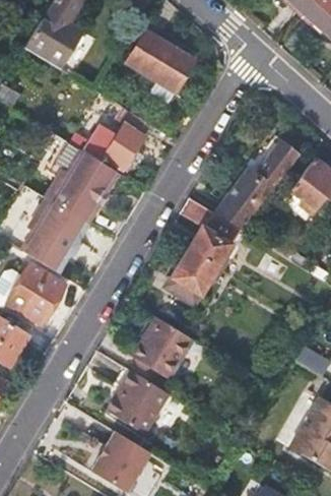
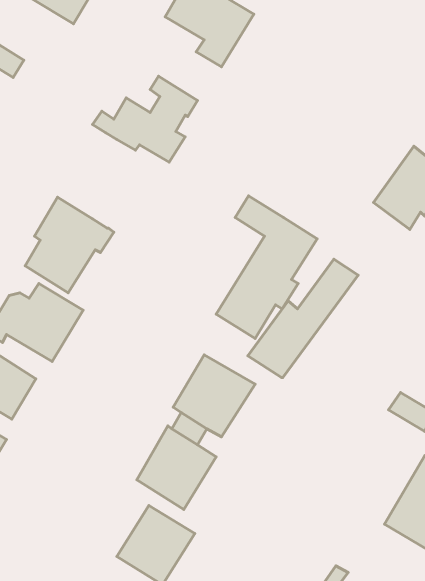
building: [215,141,299,231] -> [248,259,358,377]
building: [45,150,115,226] -> none

